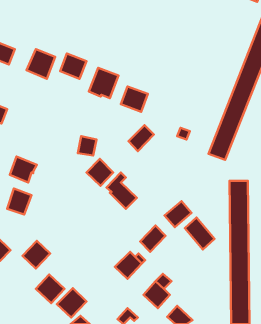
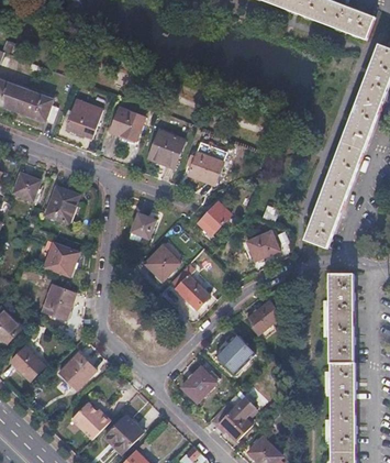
building: none -> [45,187,78,222]
building: none -> [244,231,278,260]
building: [185,217,215,249] -> none

